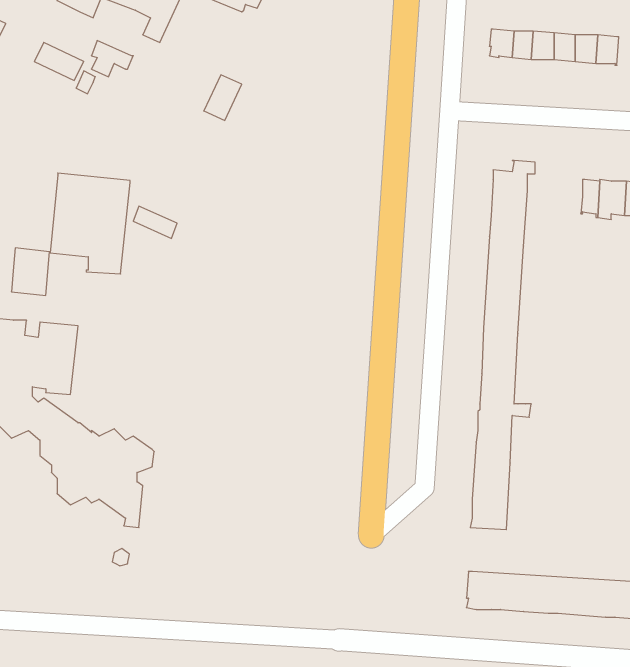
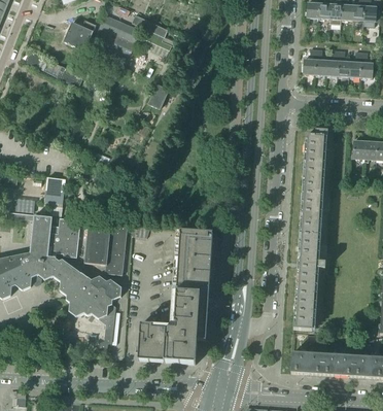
building: [50,173,130,274] -> [84,219,128,274]
building: none -> [138,231,212,364]

